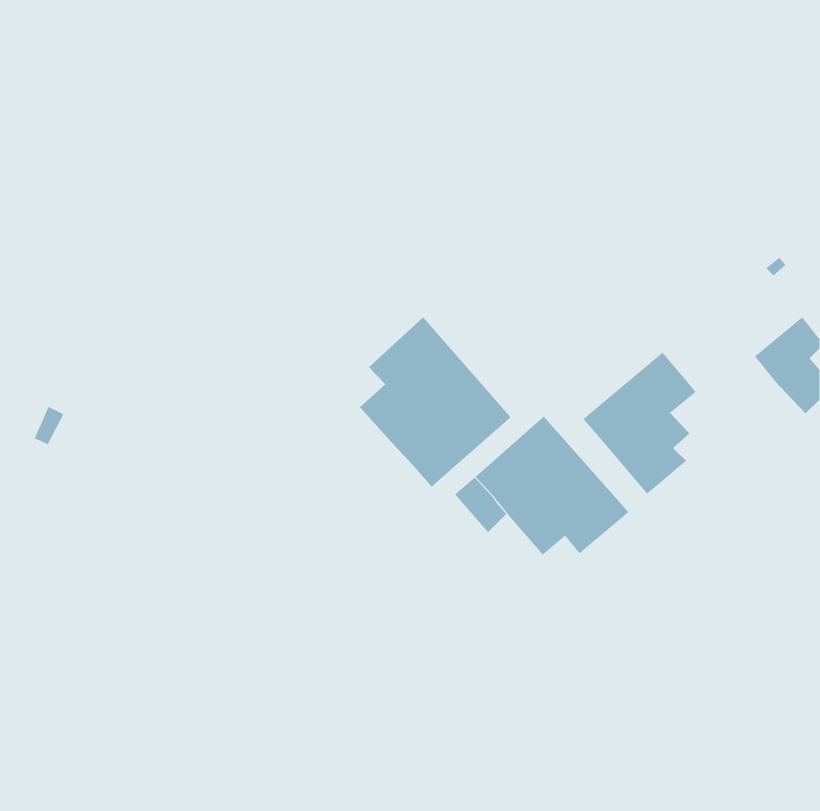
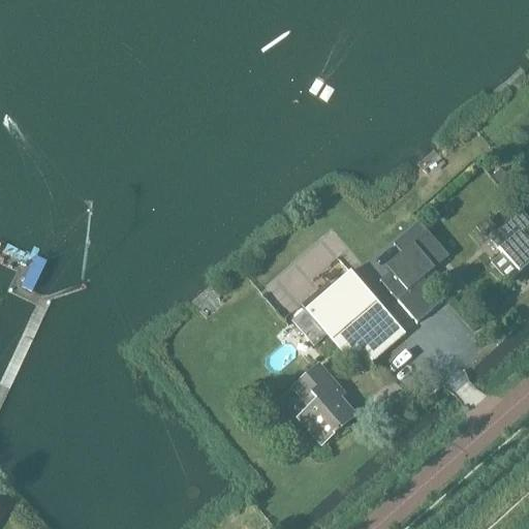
building: [359,316,512,487] -> none
building: none -> [293,361,349,438]

